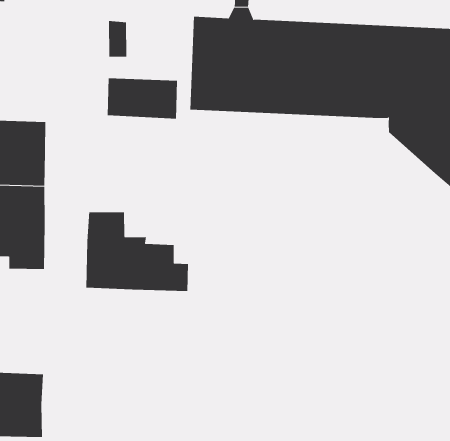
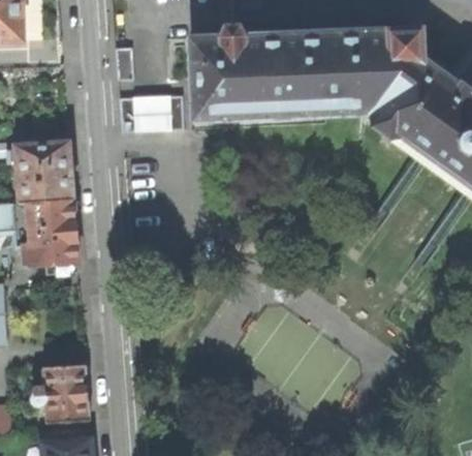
building: [86,211,189,292] -> none

